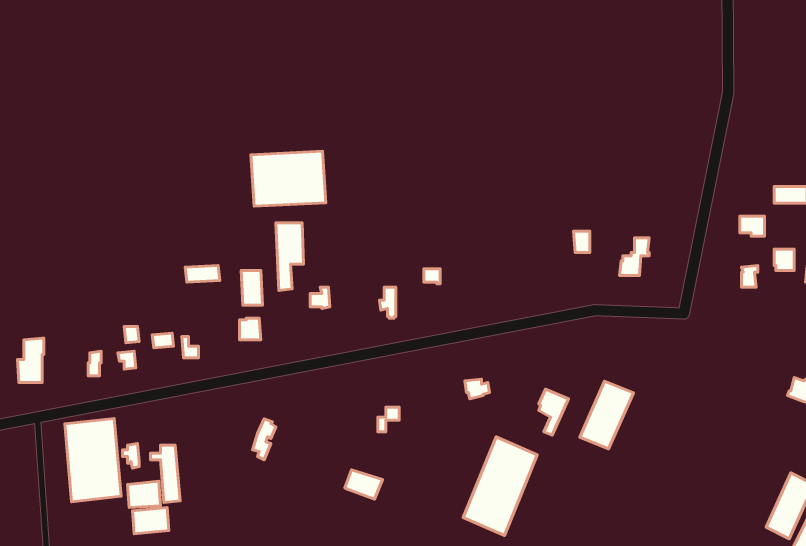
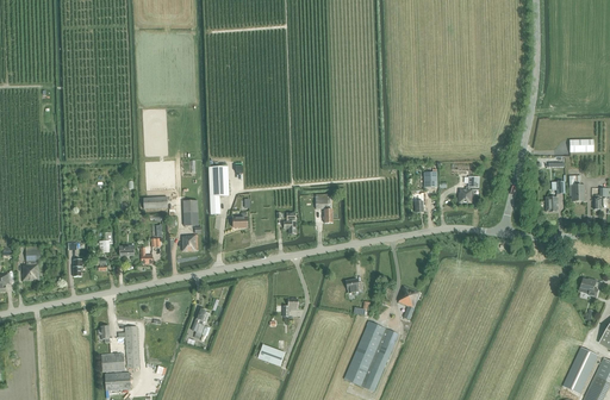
building: [251,151,326,206] -> none
building: [580,381,633,449] -> none
building: [65,418,121,502] -> none

